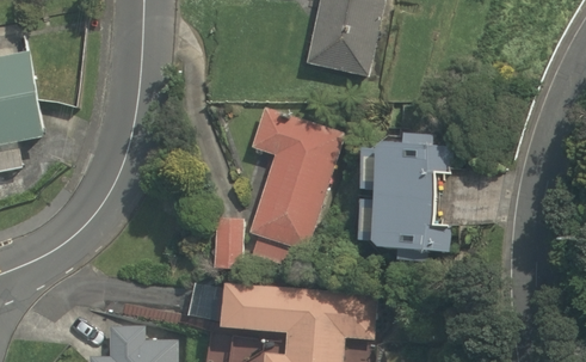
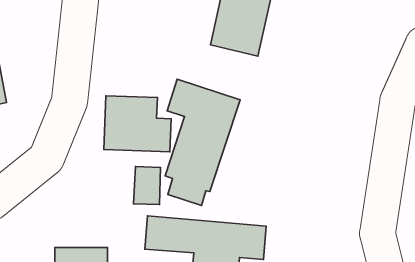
building: none -> [104,96,171,152]
building: [351,133,450,251] -> none

